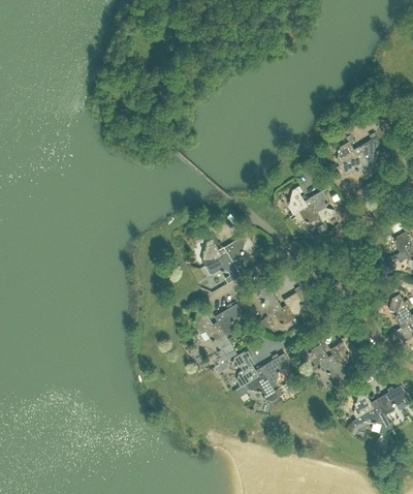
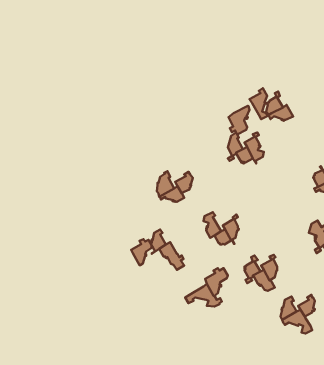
building: [358,133,381,172] -> [250,88,268,119]
building: none -> [228,106,250,135]
building: [216,304,242,336] -> [131,239,152,265]
building: [234,351,259,387] -> none

